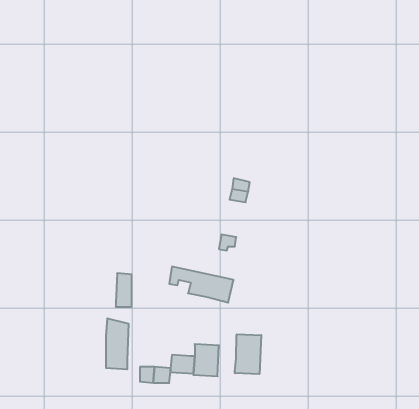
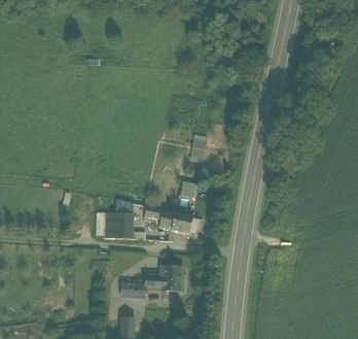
building: [106,318,129,369] -> [115,200,133,239]
building: [235,334,261,374] -> none

